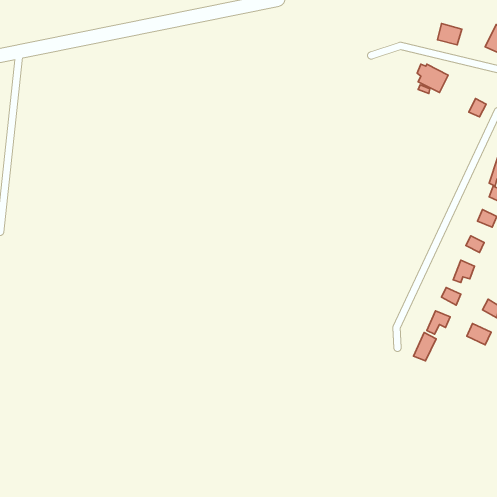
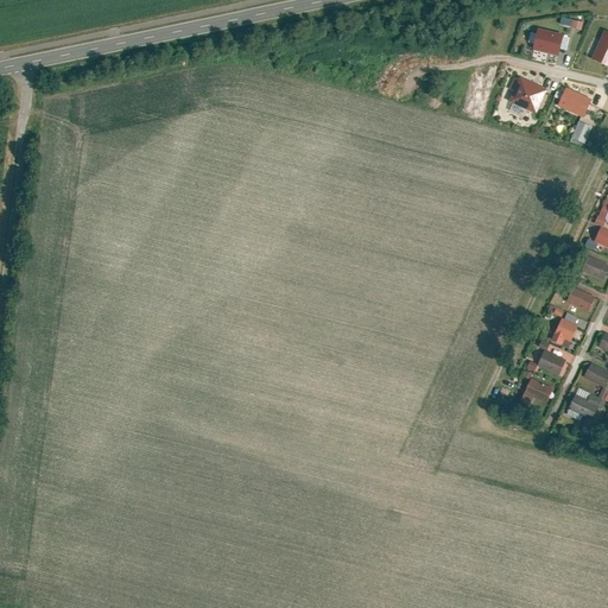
building: none -> [558,88,593,118]
building: [413,332,436,361] -> none

